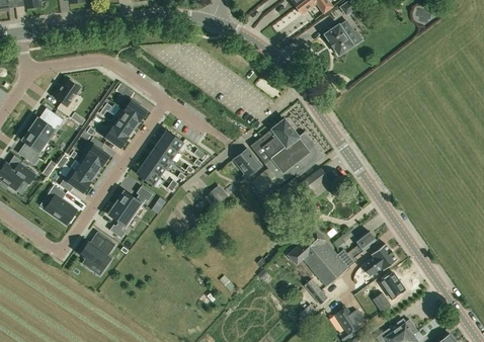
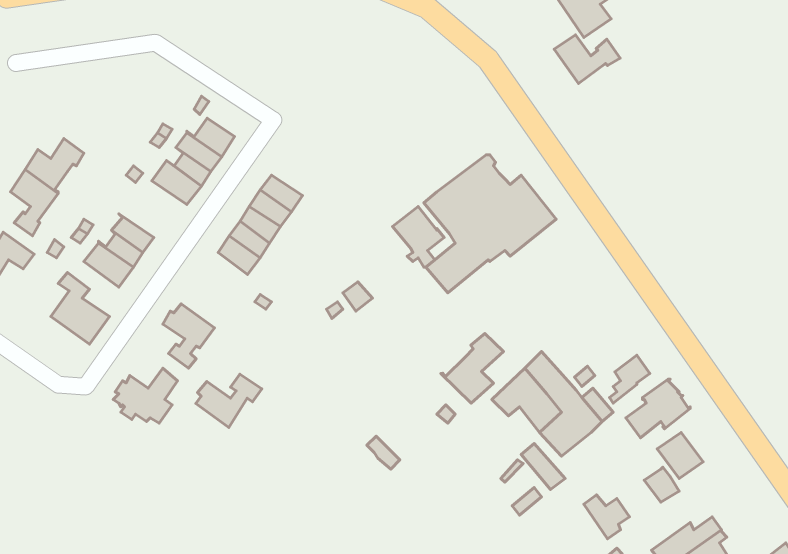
building: none -> [554,35,620,83]
building: [55,79,80,116] -> none
building: [82,137,108,166] -> none
building: [299,168,333,201] -> none
building: [116,186,153,216] -> [196,374,262,427]
building: none -> [441,333,504,403]

